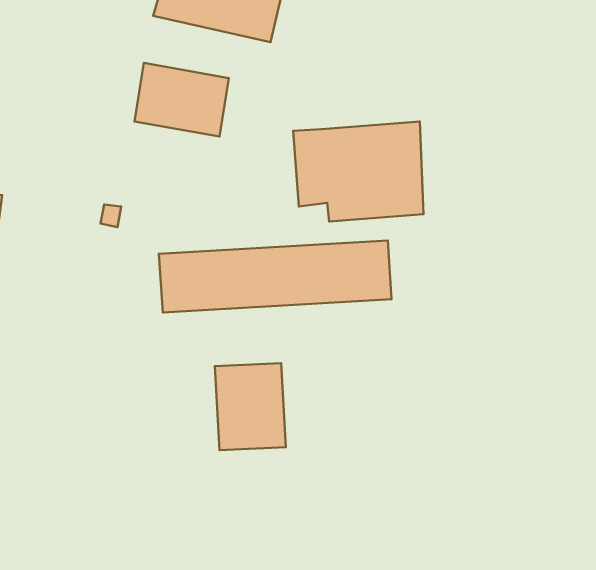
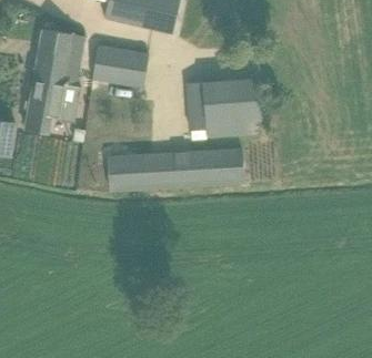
building: none -> [24,29,82,133]
building: [215,363,286,450] -> none

